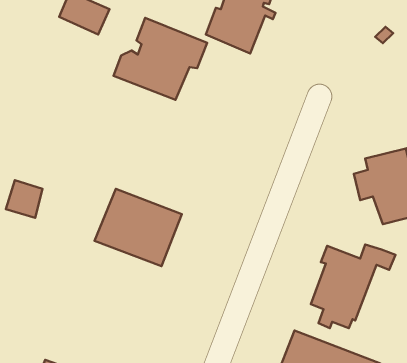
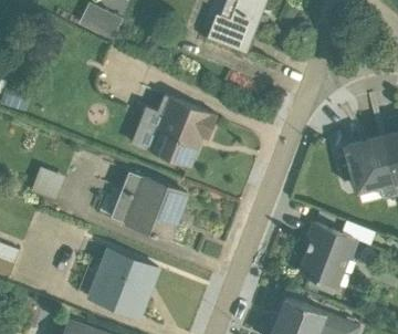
building: [114,18,207,100] -> [136,94,218,166]
building: none -> [87,248,158,316]

